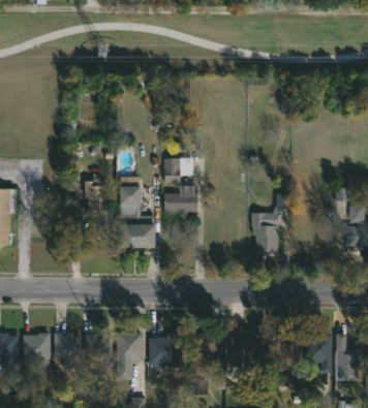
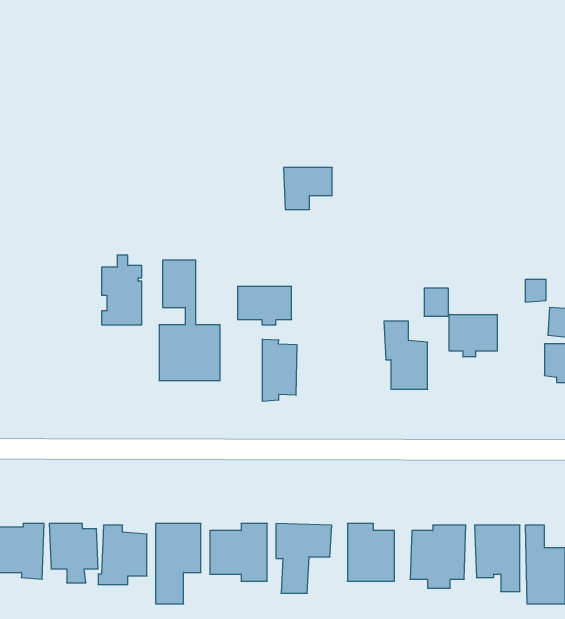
building: [163,158,192,183] -> [284,168,332,209]
building: none -> [449,314,497,357]
building: none -> [262,339,297,401]

